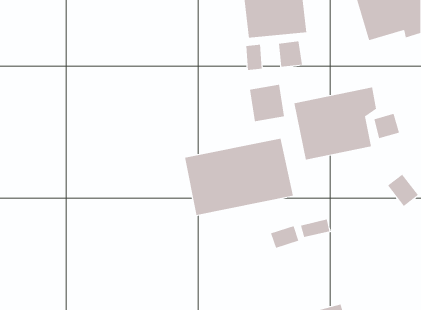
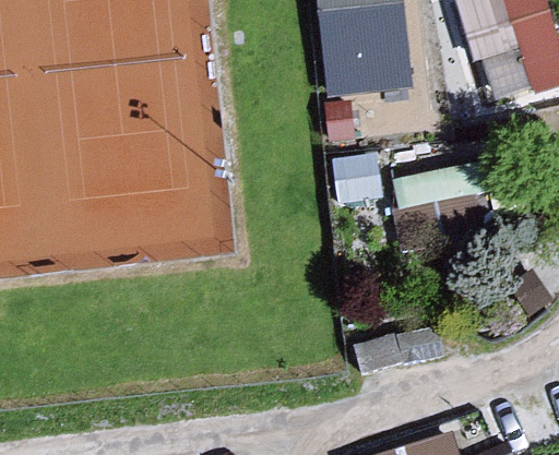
building: [184,138,294,216] -> none

